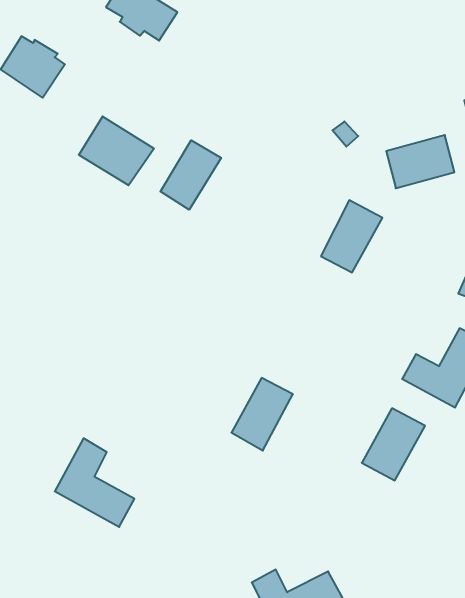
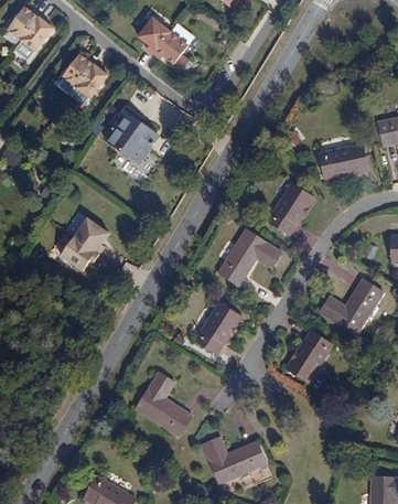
building: [160,140,221,210] -> none
building: none -> [62,211,105,264]
building: none -> [218,229,282,285]
building: [55,438,134,527] -> [136,372,191,436]

